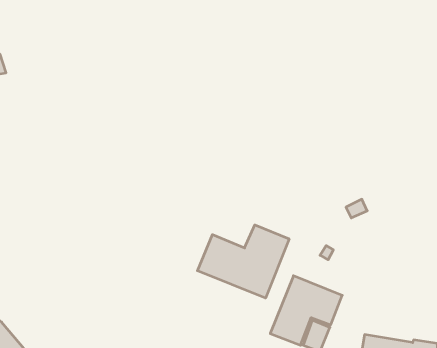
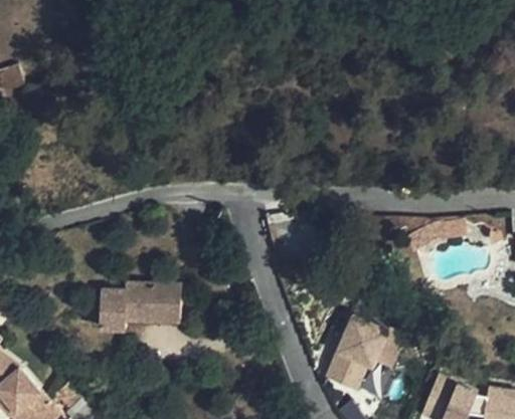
building: [197,225,289,298] -> none
building: none -> [100,283,181,328]

